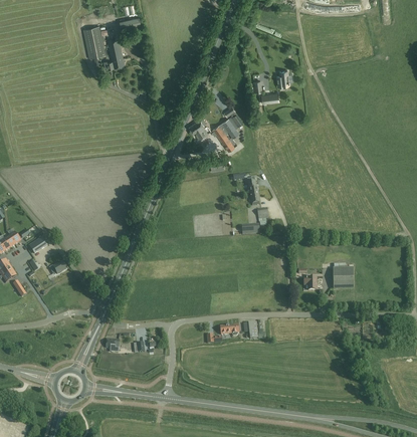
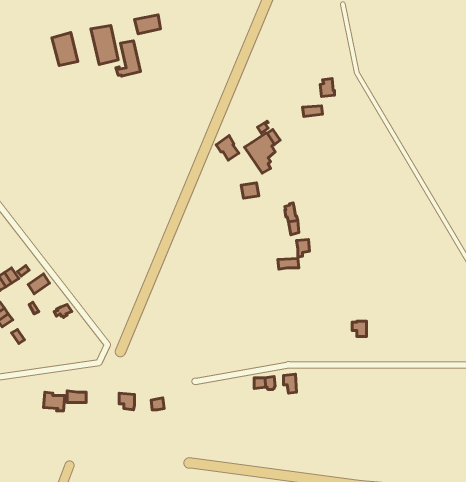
building: none -> [52,32,78,66]
building: [334,267,354,288] -> none

